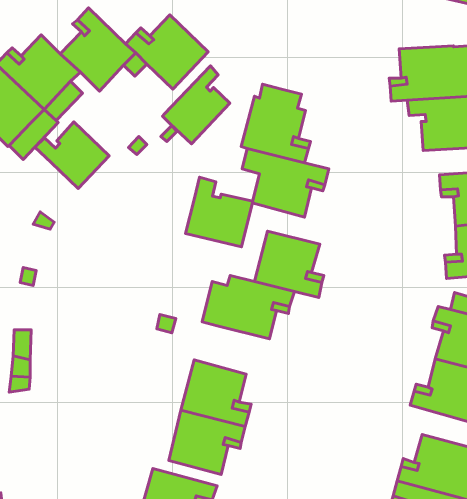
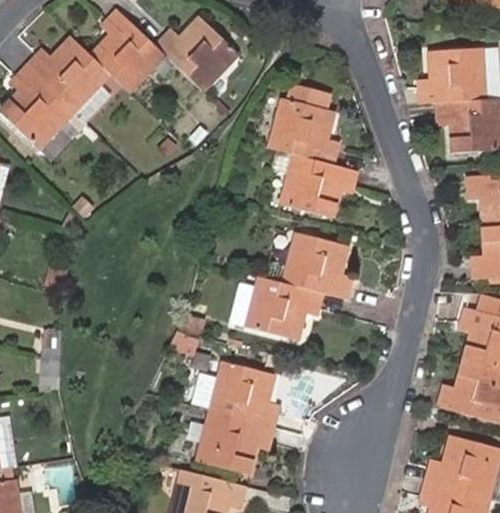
building: [162,66,230,144] -> none
building: [35,122,109,189] -> none
building: [186,177,253,247] -> none

